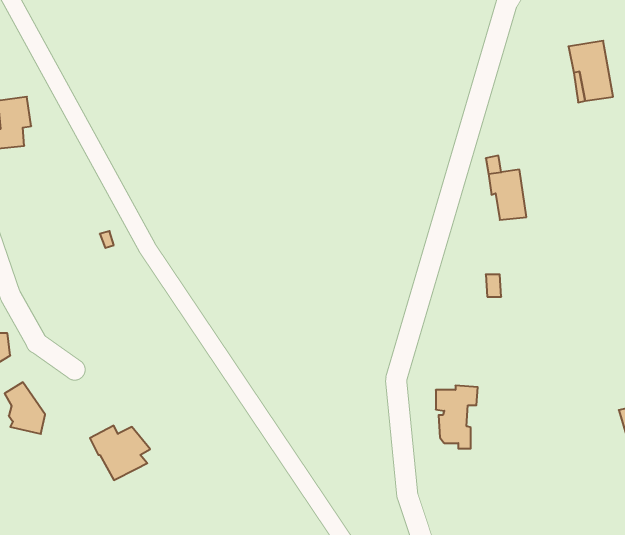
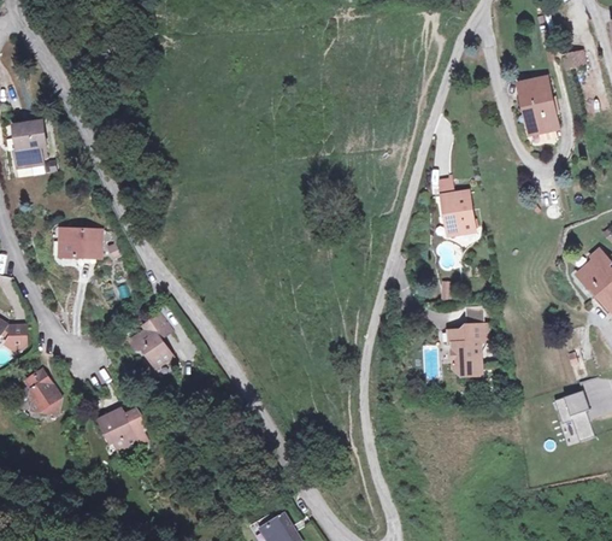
building: none -> [64,230,105,260]
building: none -> [130,316,171,369]
building: [436,386,478,449] -> [452,318,488,372]

